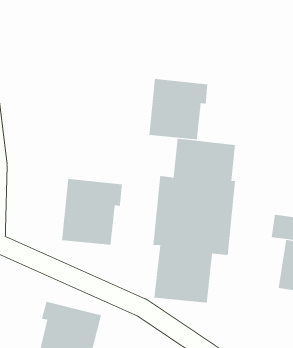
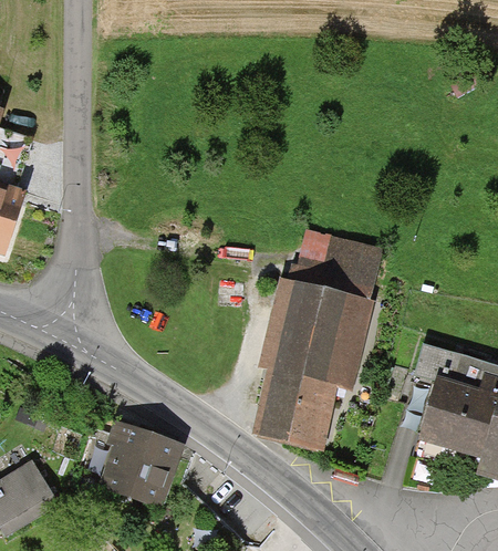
building: [149,78,208,140] -> none
building: [62,178,122,246] -> none

